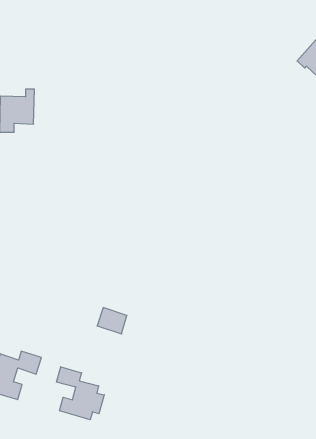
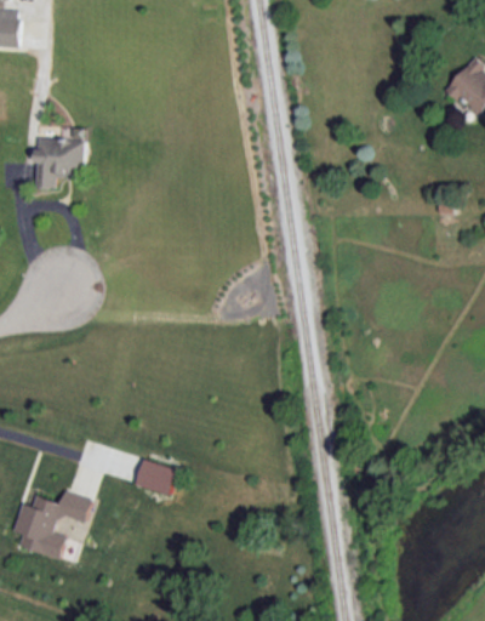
building: [97,308,127,334] -> [135,458,176,495]
building: [57,367,104,420] -> none

